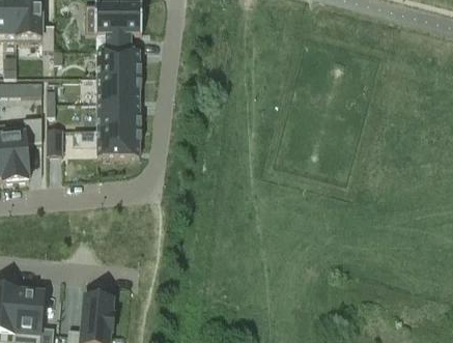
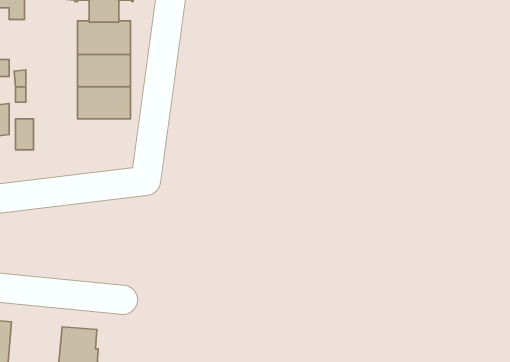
building: [74,126,139,153] -> none

